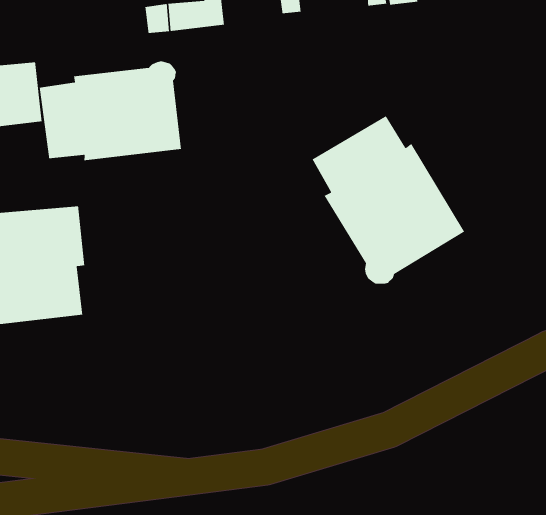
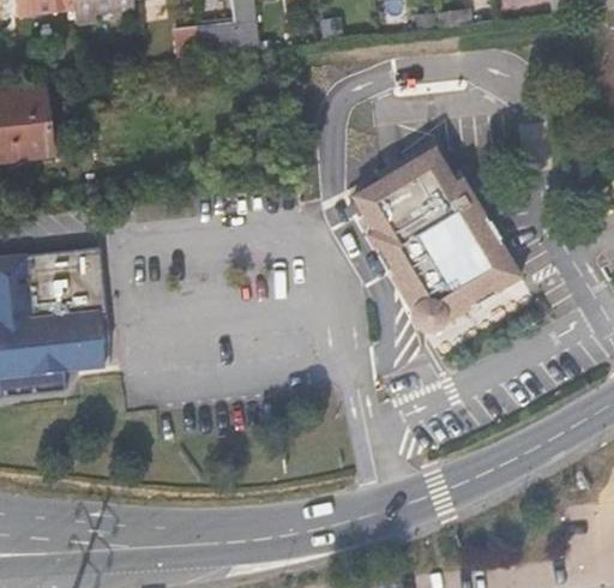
building: [39,61,182,161] -> none

